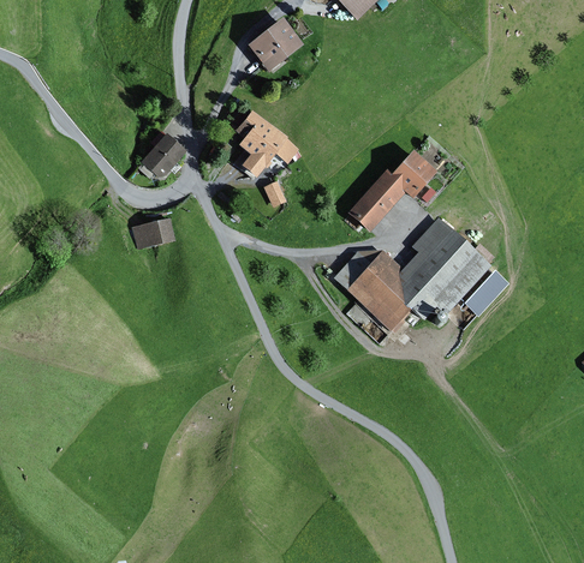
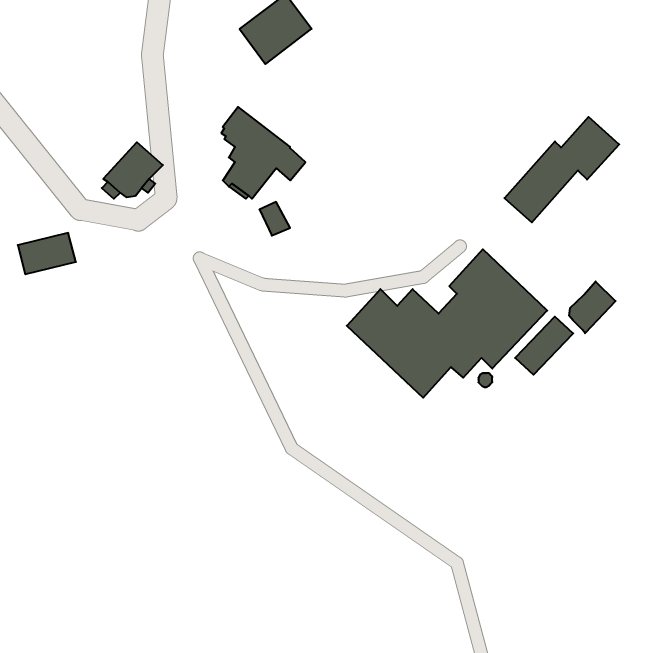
building: [347,149,437,232] -> [504,117,619,222]
building: [131,217,177,250] -> [18,233,76,274]
building: none -> [569,281,616,333]

